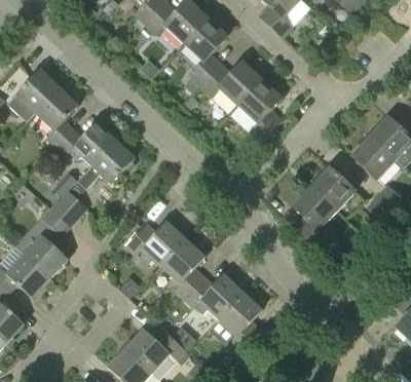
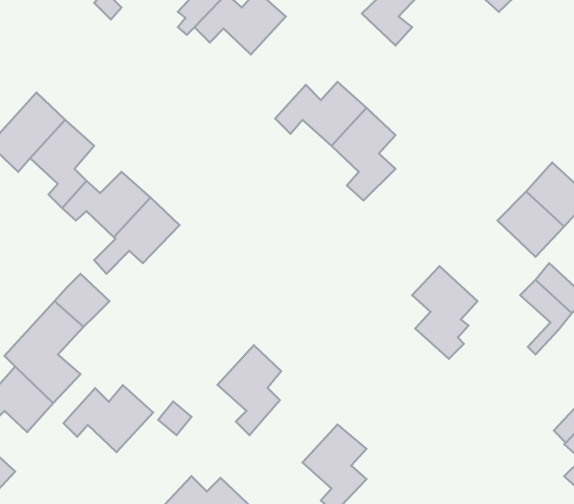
building: [184,17,227,86] -> none
building: [311,166,354,209] -> none
building: [125,221,186,266] -> [63,385,153,452]
building: [183,274,242,318] -> none

